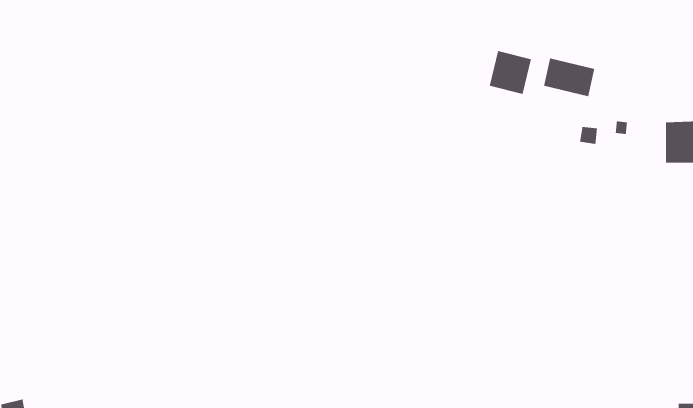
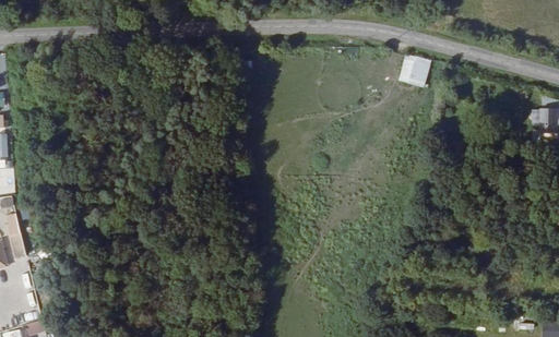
building: [543,58,595,97] -> none

